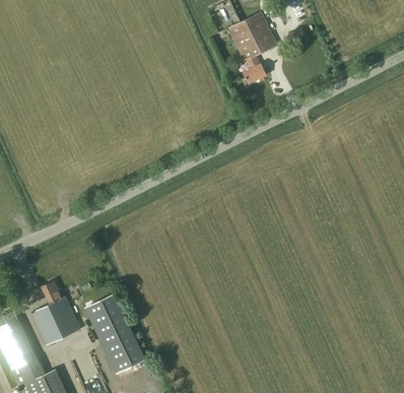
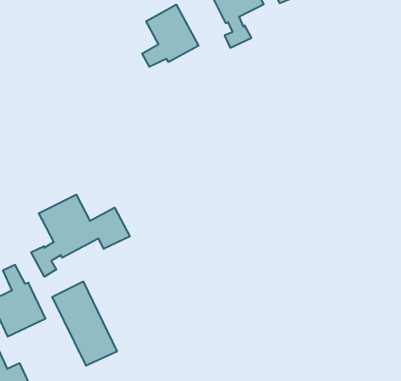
building: none -> [142,5,199,67]
building: none -> [31,195,130,277]

